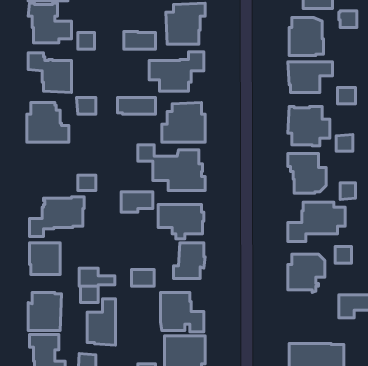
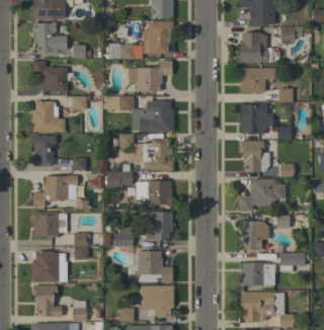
building: none -> [32,136,57,166]
building: [87,299,115,345] -> none
building: none -> [241,262,274,285]

